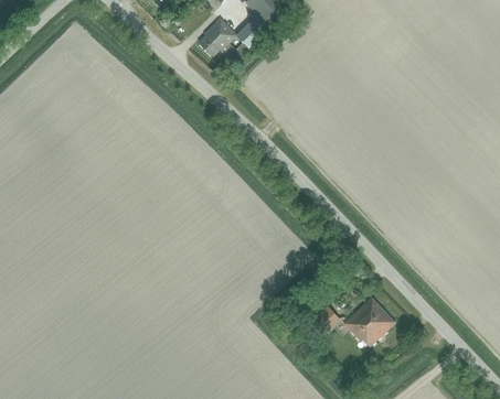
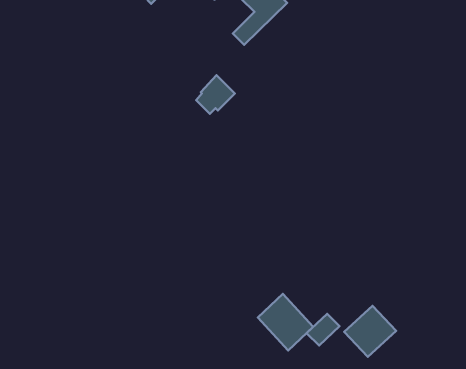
building: [199,18,236,55] -> [196,75,235,114]
building: none -> [258,294,313,350]

